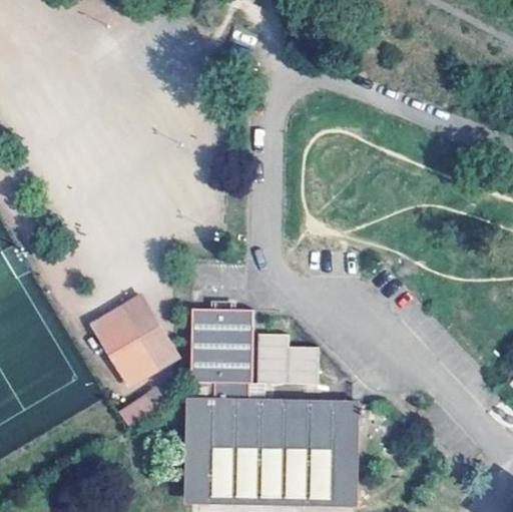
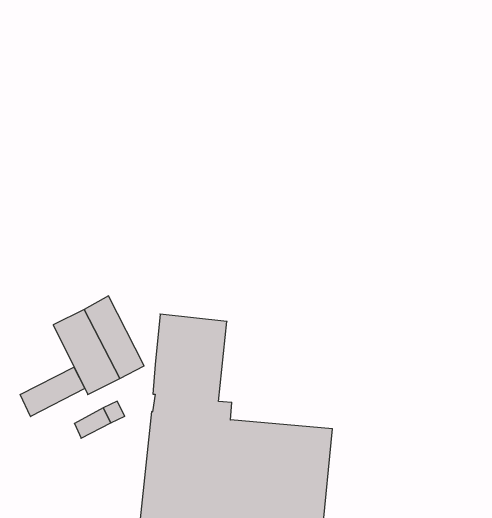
building: [253,335,316,385] -> none
building: none -> [20,367,85,417]

